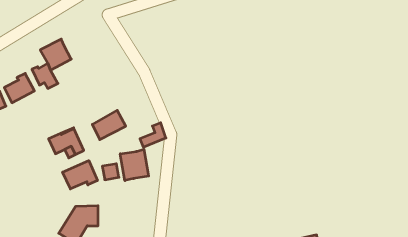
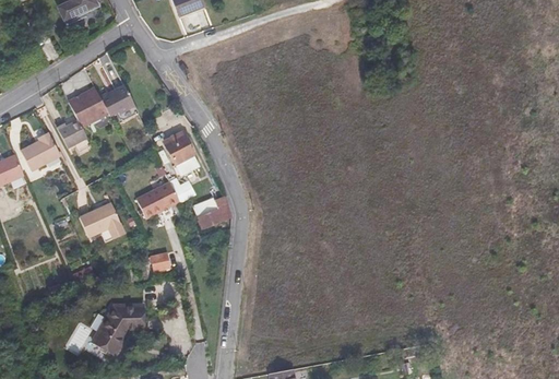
building: none -> [99,85,134,116]
building: none -> [164,134,200,176]
building: [120,149,149,181] -> none
building: [63,161,97,189] -> none

